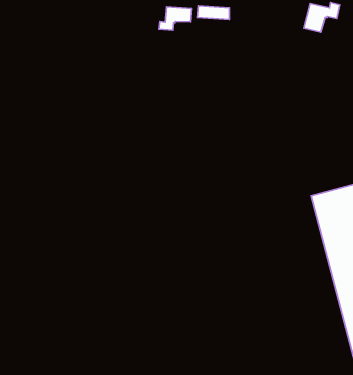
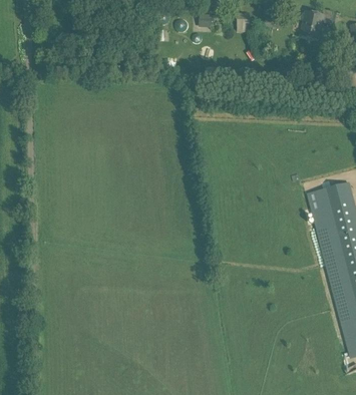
building: [159,7,191,30] -> none

